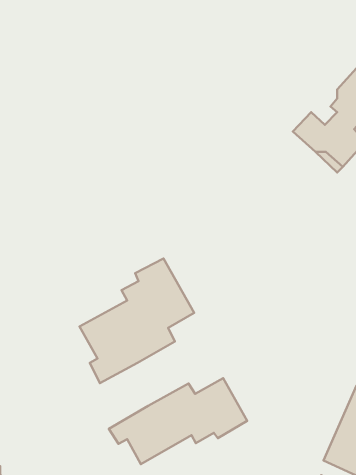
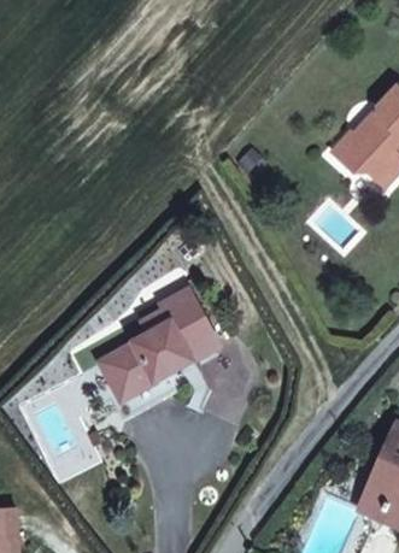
building: [109,378,247,464] -> none

